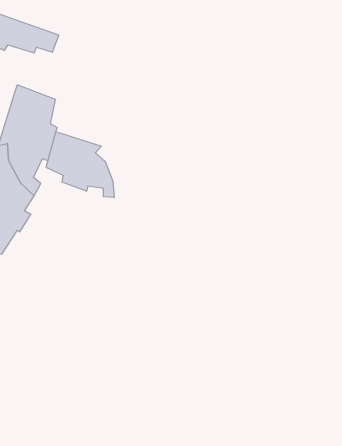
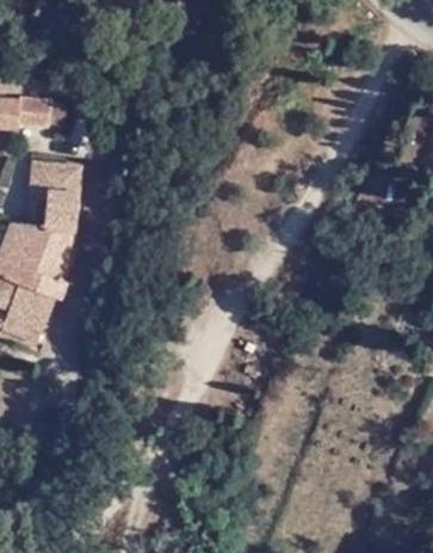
building: [46,132,114,198] -> none

